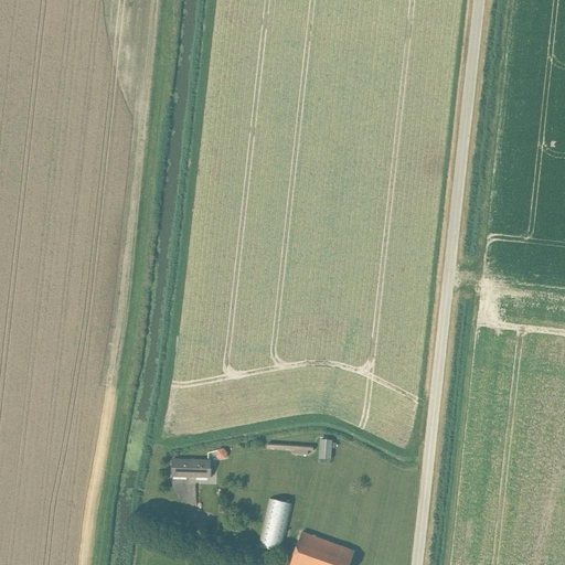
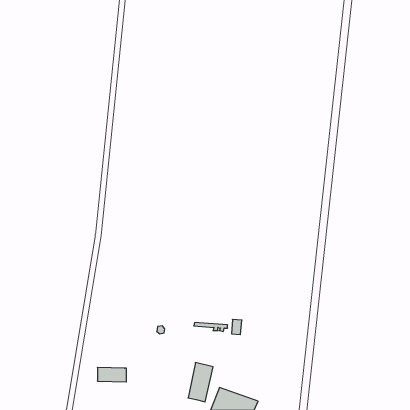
building: [171,458,211,478] -> [97,367,126,382]

